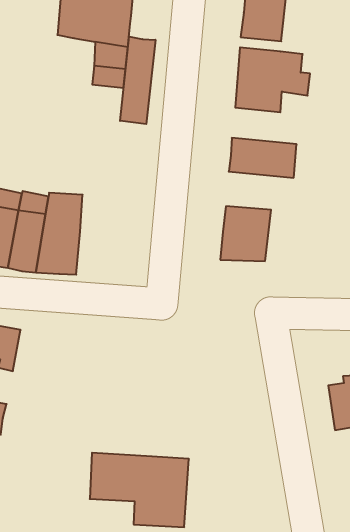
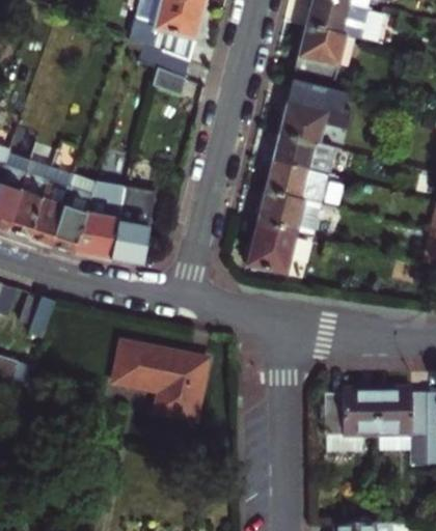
building: [120,36,155,124] -> none
building: none -> [273,130,338,171]
building: none -> [258,187,324,231]
building: none -> [113,188,159,266]
building: [90,453,189,527] -> [115,338,211,418]

